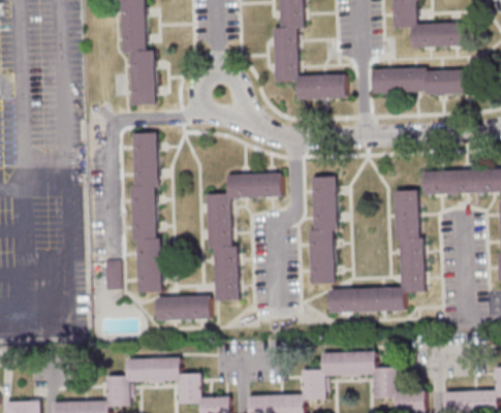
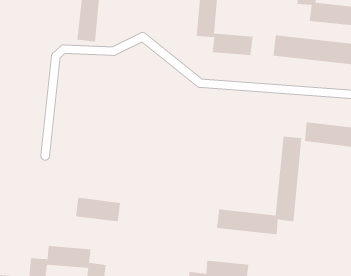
building: [133,132,157,292] -> none
building: [210,172,280,300] -> none
building: [309,176,335,283] -> none
building: [103,260,118,289] -> none

